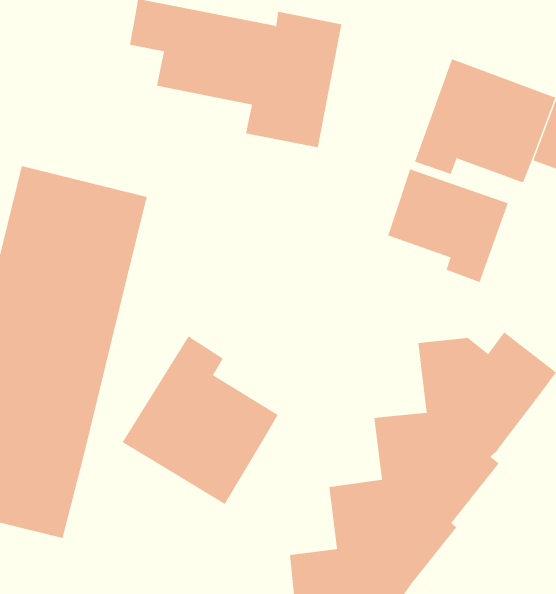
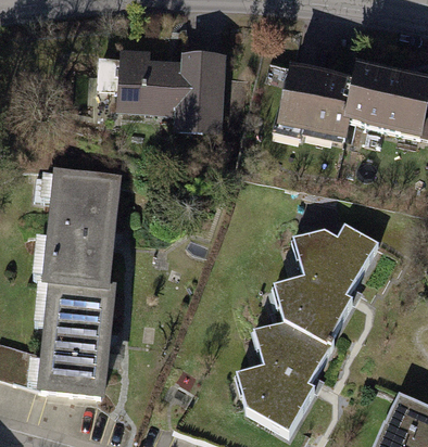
building: [388,168,509,283] -> none
building: [122,336,279,505] -> none

